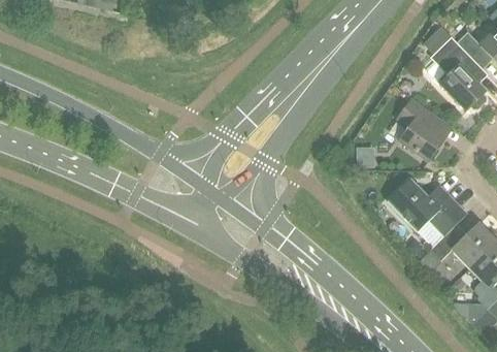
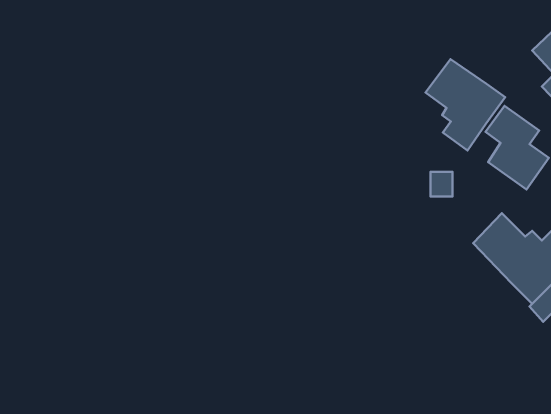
building: none -> [426,59,505,150]

